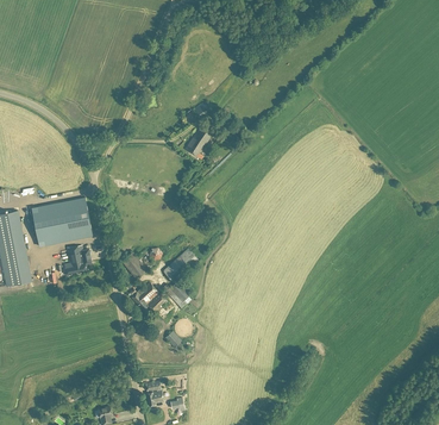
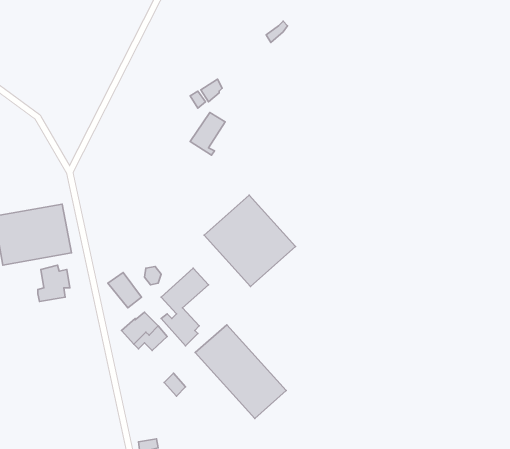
building: none -> [204,195,296,286]
building: none -> [195,325,286,418]

